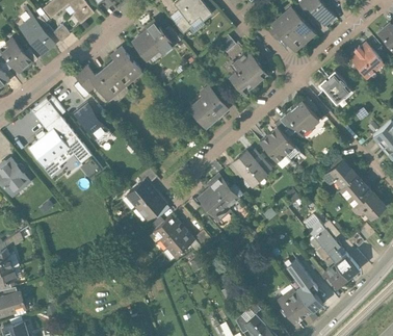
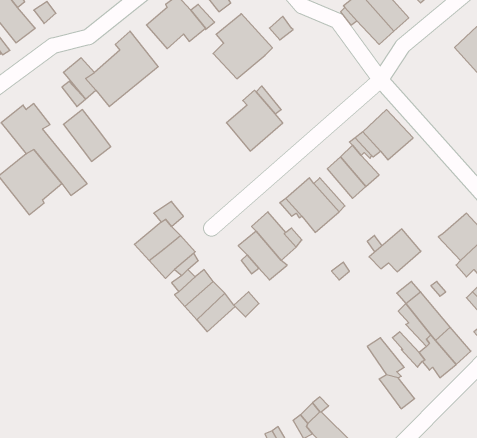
building: [229,51,270,97] -> [213,14,272,79]
building: [319,73,353,105] -> none
building: [321,158,358,188] -> [369,229,421,272]
building: [279,287,311,321] -> none

